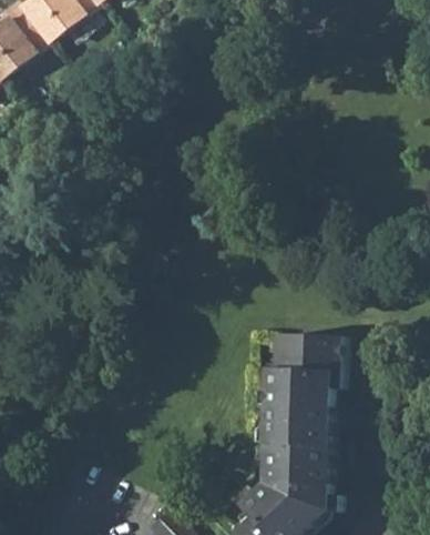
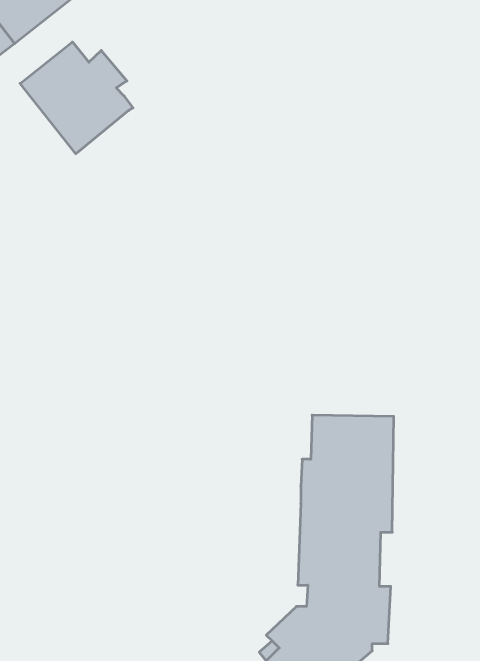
building: none -> [20,42,133,154]

